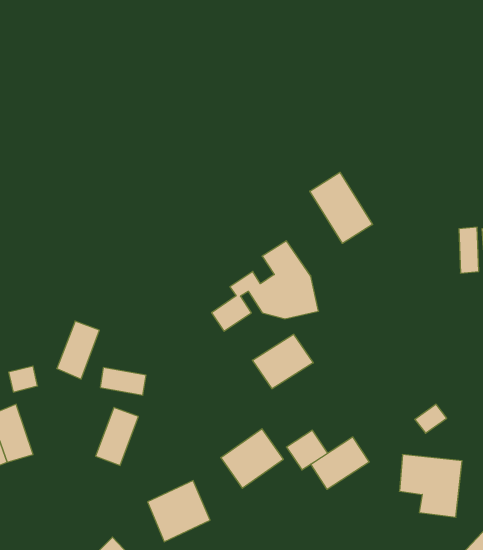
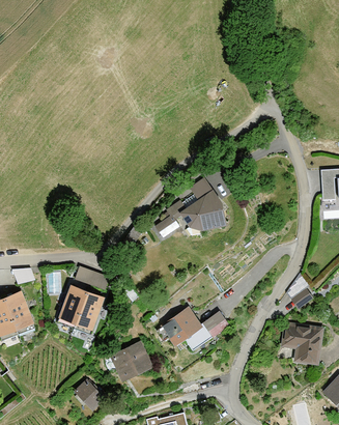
building: [310,172,373,243] -> none
building: [57,321,99,379] -> [58,285,87,324]
building: [252,334,313,389] -> none
building: [311,437,369,489] -> none

